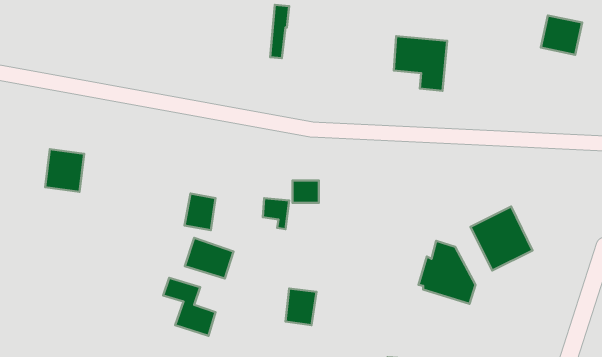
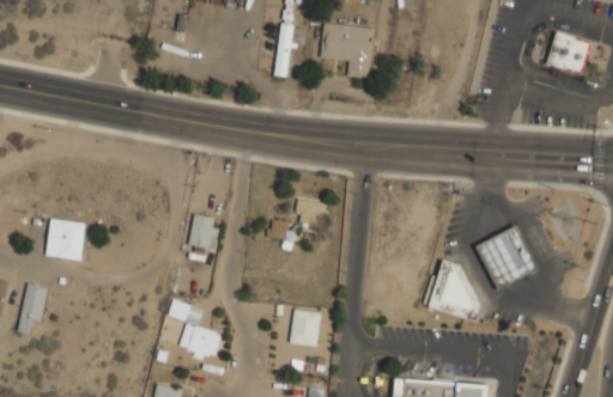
building: [394,36,447,91] -> [320,24,374,79]
building: [45,149,84,192] -> [45,218,85,261]
building: [185,238,233,279] -> none
building: none -> [17,282,48,332]

